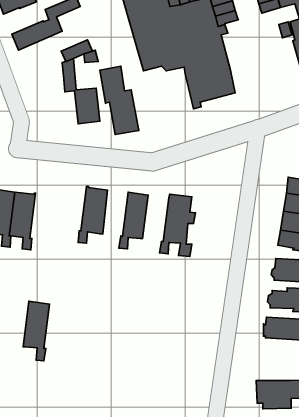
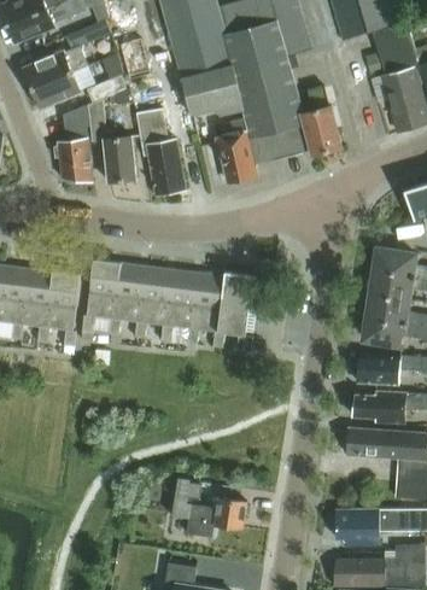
building: none -> [31,64,87,107]
building: none -> [302,86,341,156]
building: none -> [53,104,92,183]
building: none -> [214,118,255,181]
building: none -> [81,258,118,332]
building: none -> [134,267,171,338]
building: none -> [186,273,223,345]
building: [23,301,50,361] -> [46,270,80,346]
building: none -> [170,479,246,537]

